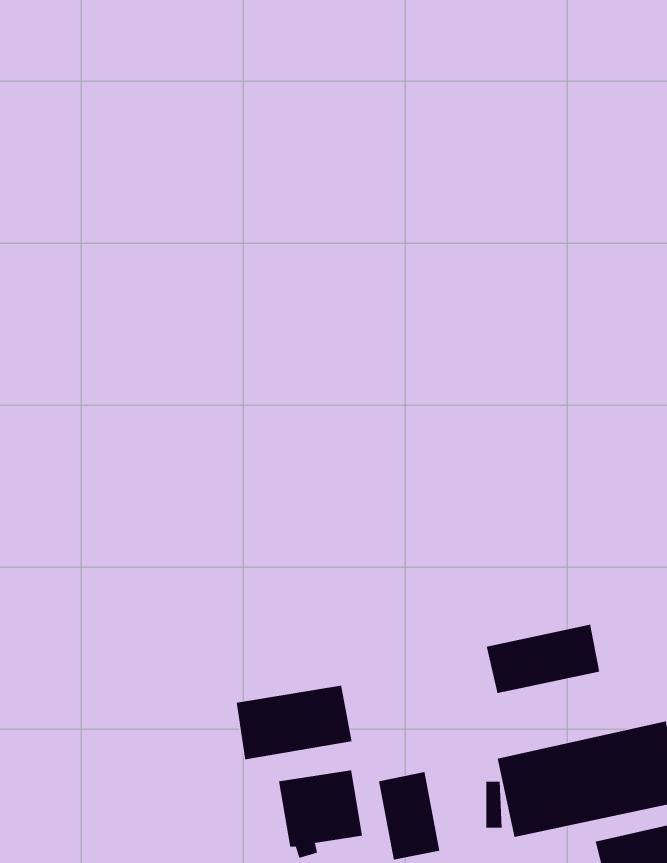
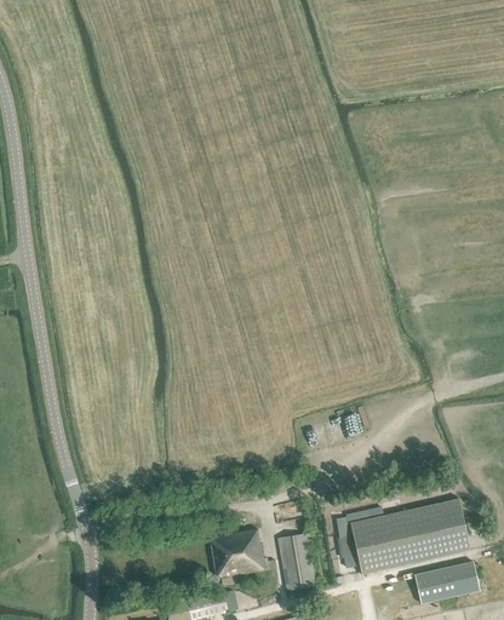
building: [486,624,600,694] -> none
building: [236,685,352,760] -> none

